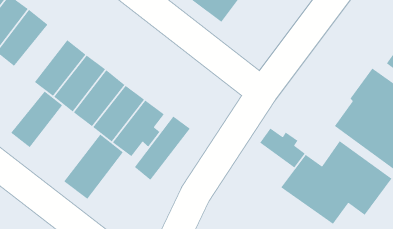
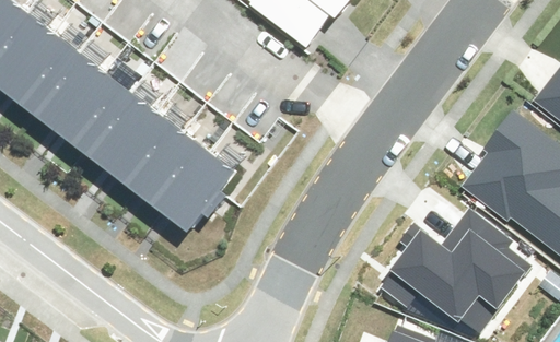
building: [10,90,63,148] -> [31,50,102,128]
building: [134,115,191,181] -> none
building: [259,128,306,168] -> none
building: [63,133,124,200] -> none

